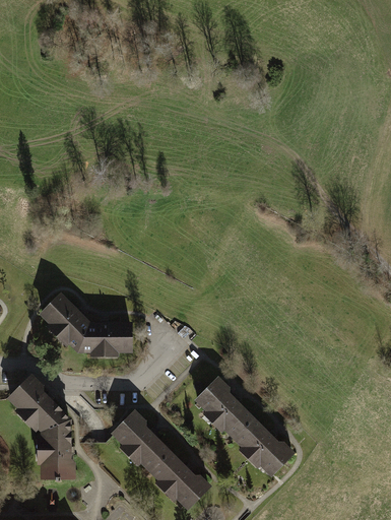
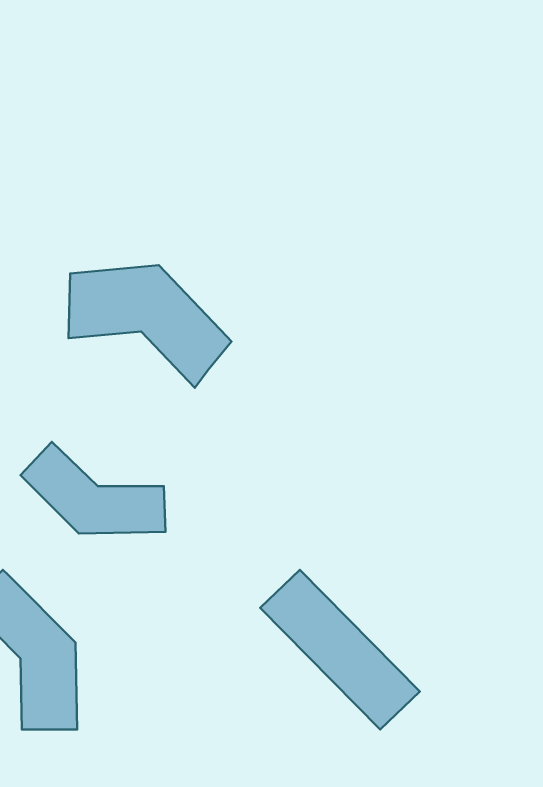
building: none -> [69,265,231,388]
building: [111,410,210,510] -> none

